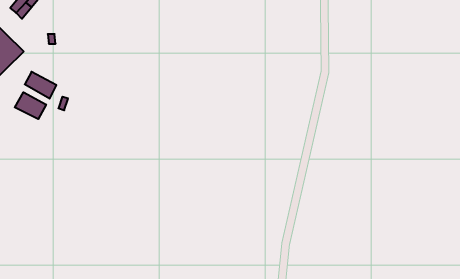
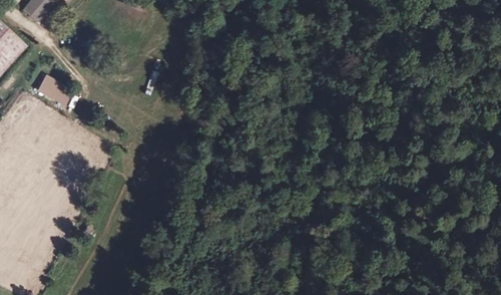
building: [15,92,46,119] -> none

